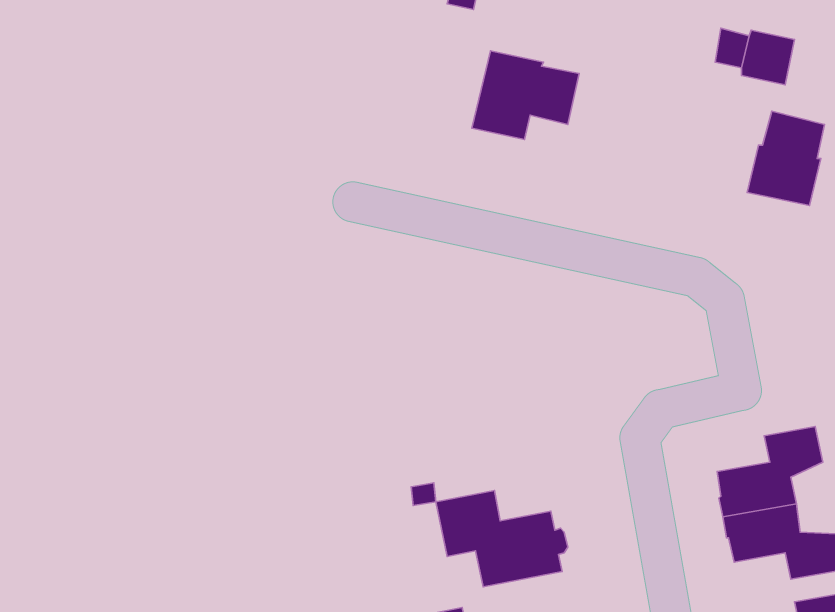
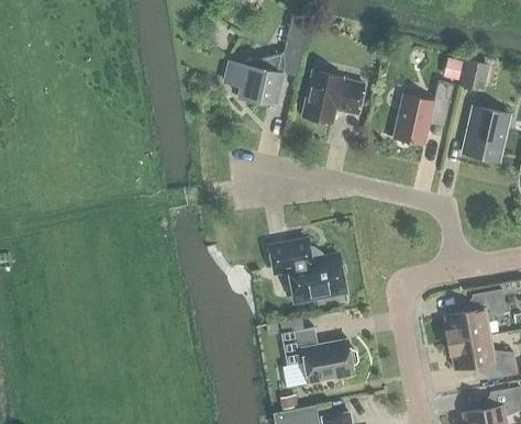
building: none -> [224,54,285,107]
building: none -> [392,81,453,145]
building: none -> [269,239,345,302]

